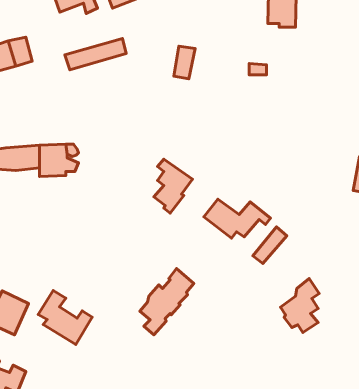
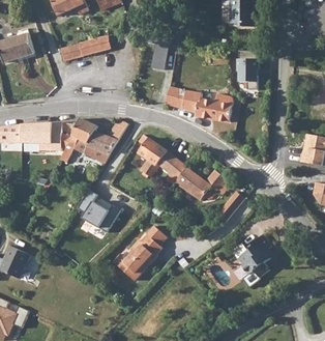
building: none -> [235,58,256,81]
building: none -> [166,87,232,122]
building: none -> [64,119,128,163]
building: none -> [157,151,187,182]
building: [38,291,92,345] -> [76,188,120,232]

